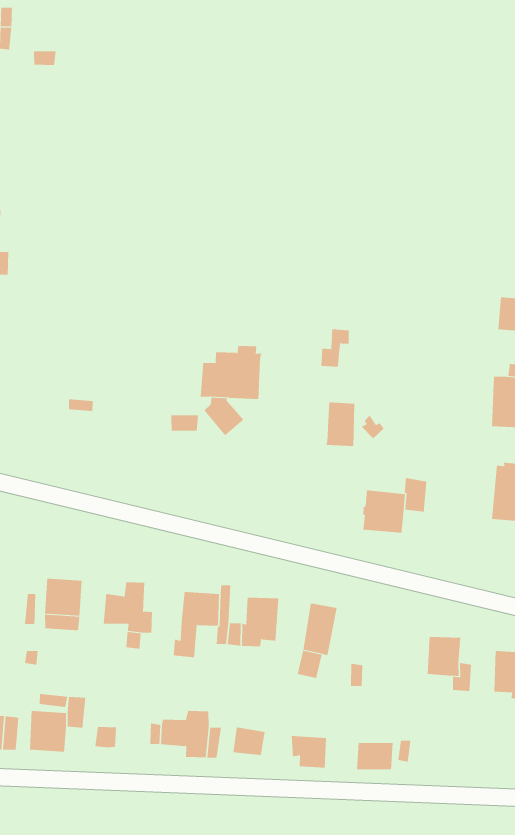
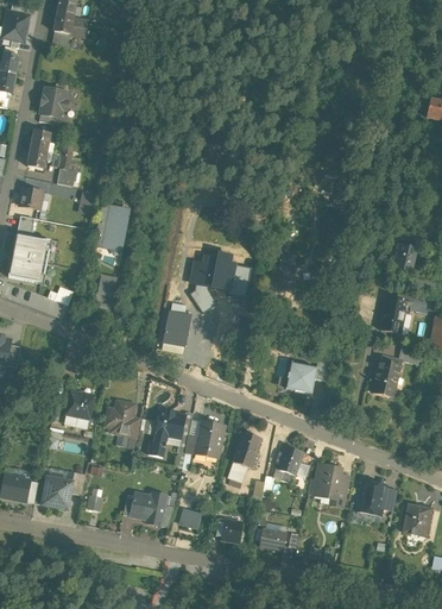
building: none -> [94,201,128,245]
building: [325,402,355,447] -> [227,264,251,296]
building: none -> [163,310,191,347]
building: none -> [276,445,303,483]

